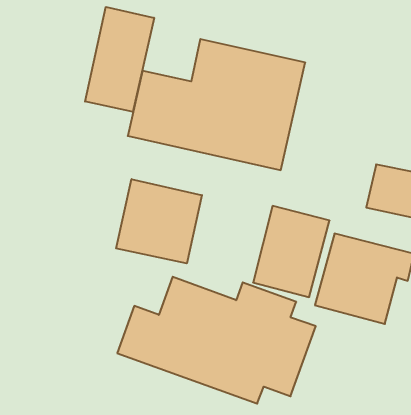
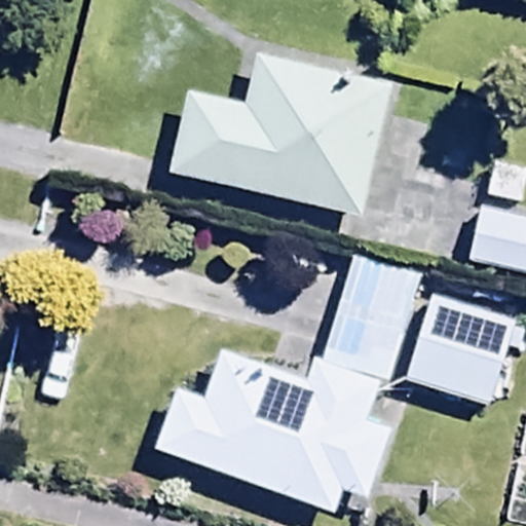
building: [85,7,154,112] -> none
building: [116,179,202,263] -> none

